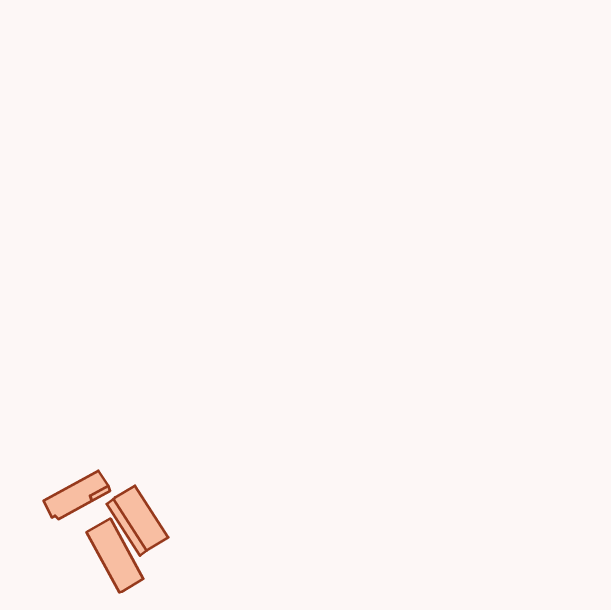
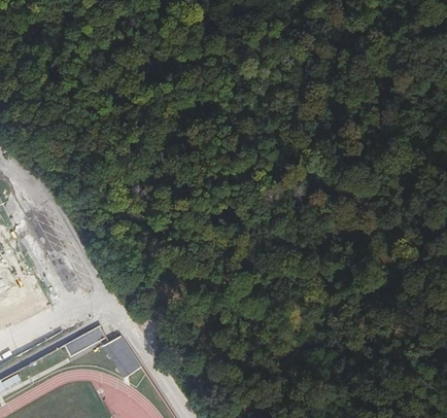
building: [87,519,143,592] -> none

